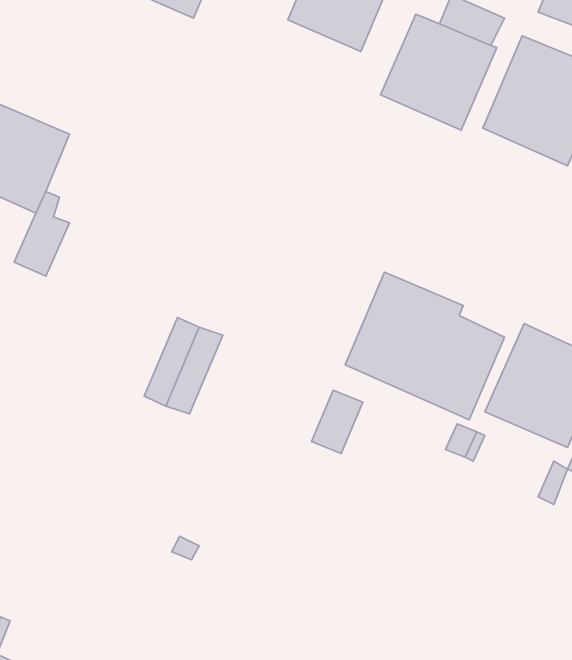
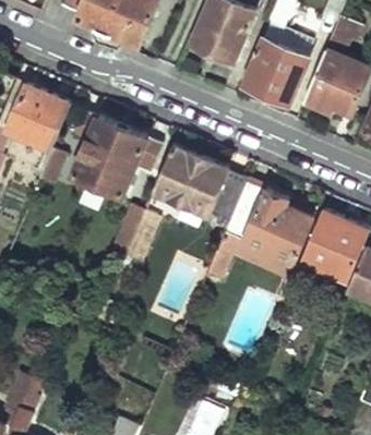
building: none -> [73,112,163,196]
building: none -> [152,146,248,223]

